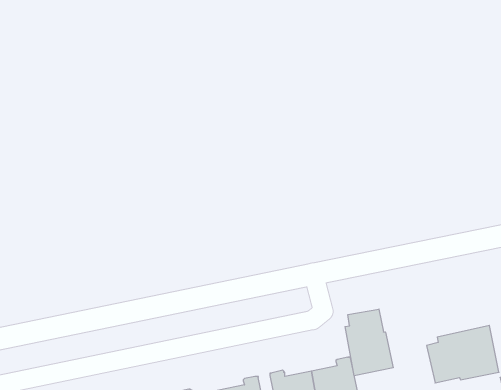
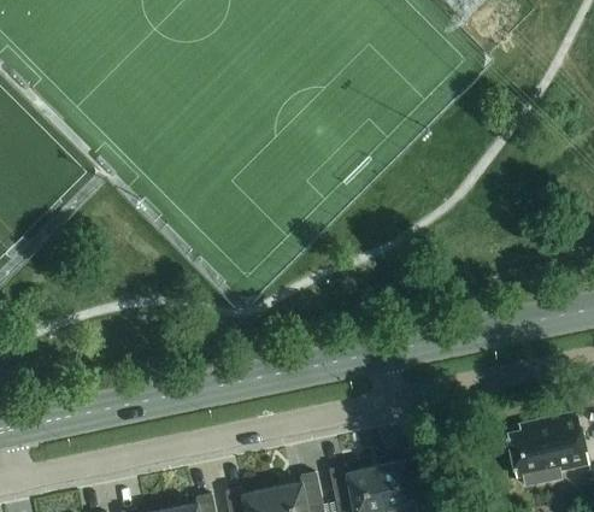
building: [345,309,393,376] -> none

